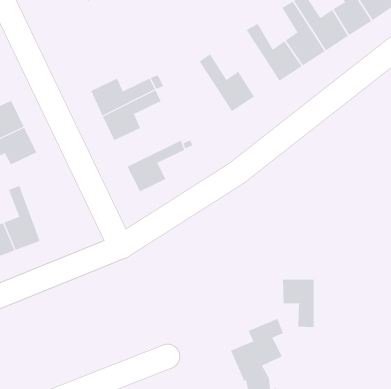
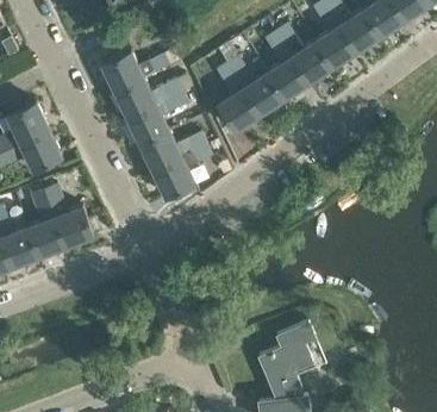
building: none -> [262,33,308,100]
building: none -> [102,51,179,94]
building: none -> [214,64,260,132]
building: none -> [139,132,208,171]
building: none -> [43,186,92,248]
building: [282,279,314,328] -> none

